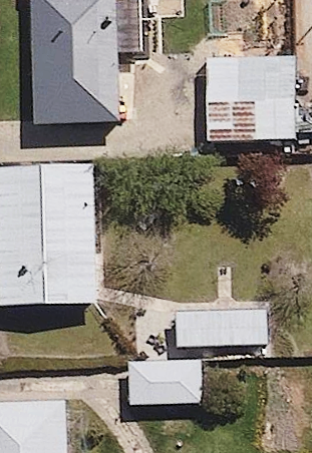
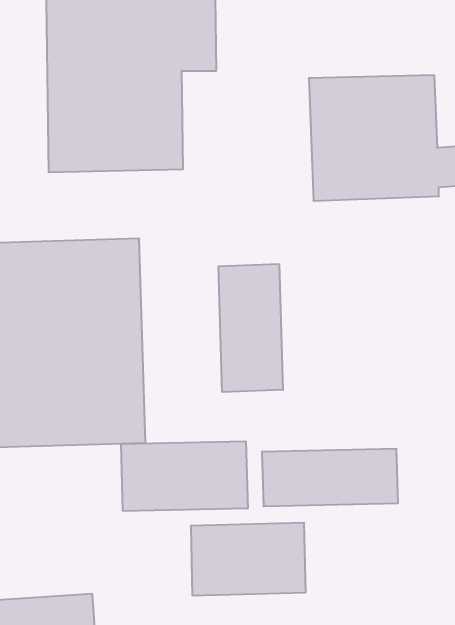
building: none -> [218,264,283,392]
building: none -> [121,441,248,511]

